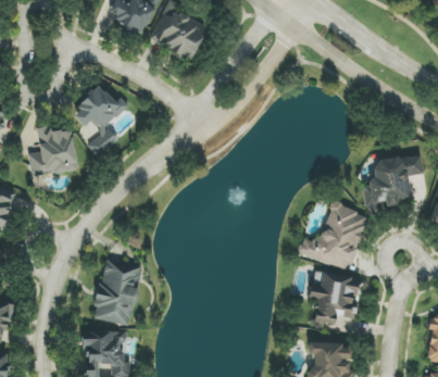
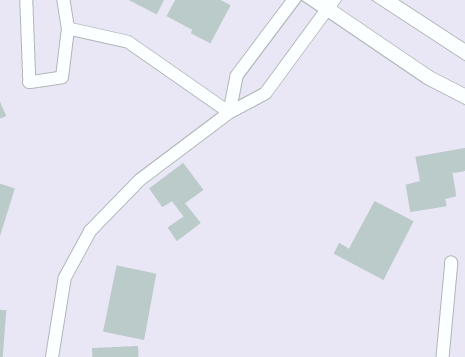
building: [72,86,122,158] -> [148,162,204,242]
building: [29,125,78,176] -> none
building: [309,273,359,325] -> none

